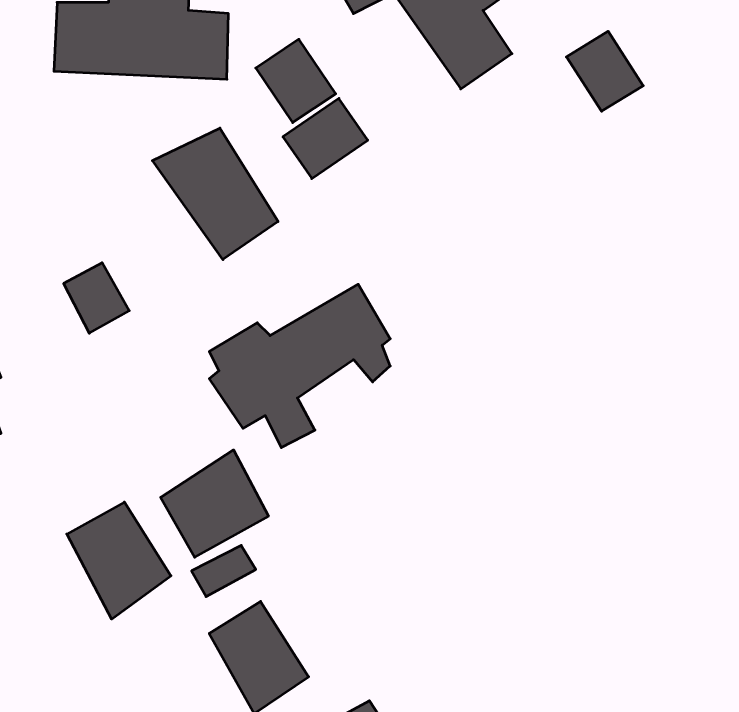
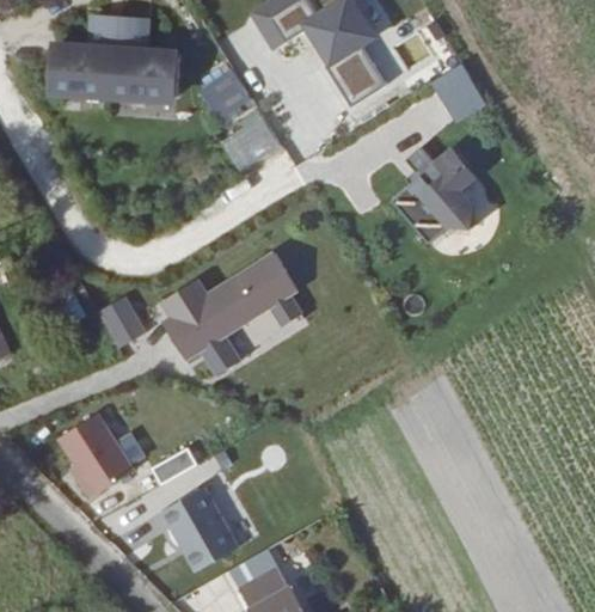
building: [152,128,278,260] -> none
building: none -> [391,147,502,243]
building: [64,263,129,333] -> [97,295,146,348]
building: [161,450,268,557] -> none

